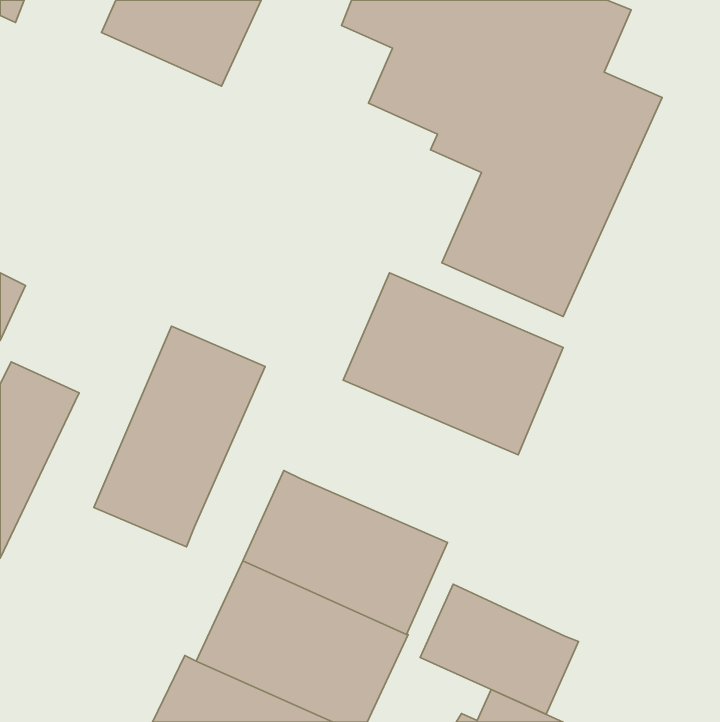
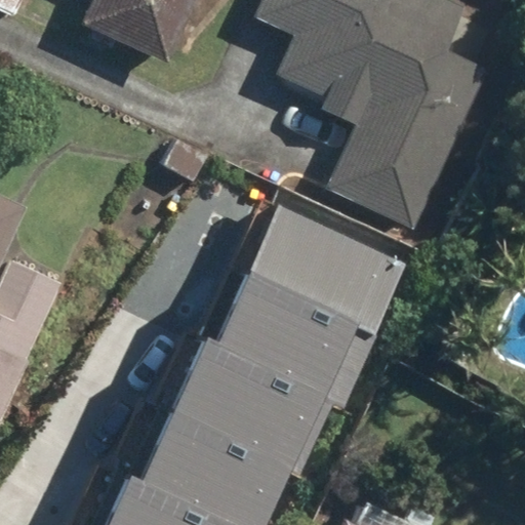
building: [94,326,265,547] -> none
building: none -> [219,276,377,402]
building: [420,584,578,714] -> none

